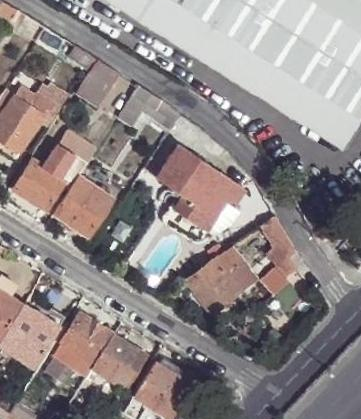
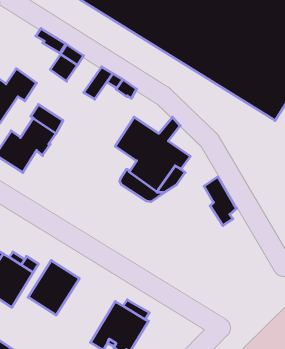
building: [54,176,113,235] -> none
building: [184,247,256,313] -> none
building: [85,333,147,388] -> none

